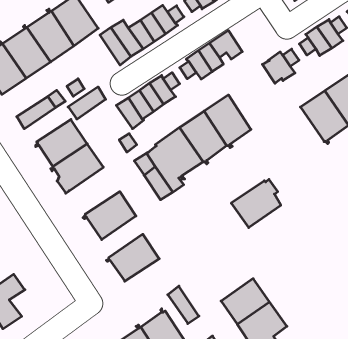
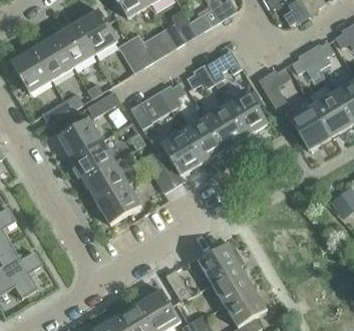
building: none -> [228,91,268,137]
building: [231,179,281,228] -> [198,243,241,284]
building: [106,234,159,281] -> [82,161,128,202]

